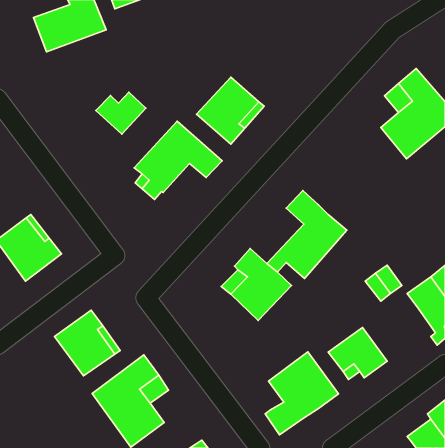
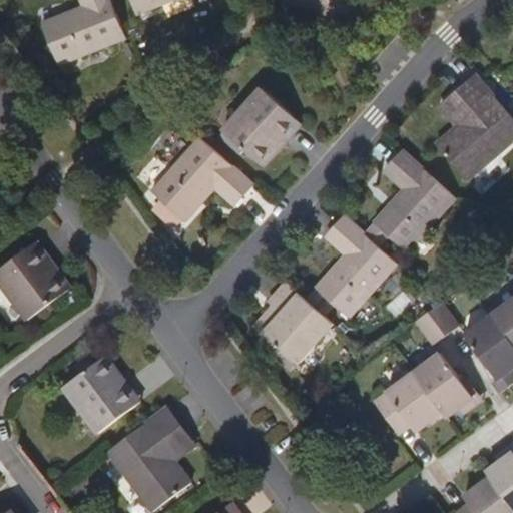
building: [96,92,146,134] -> none
building: none -> [364,153,454,252]
building: none -> [414,354,474,417]
building: [265,352,339,435] -> none

